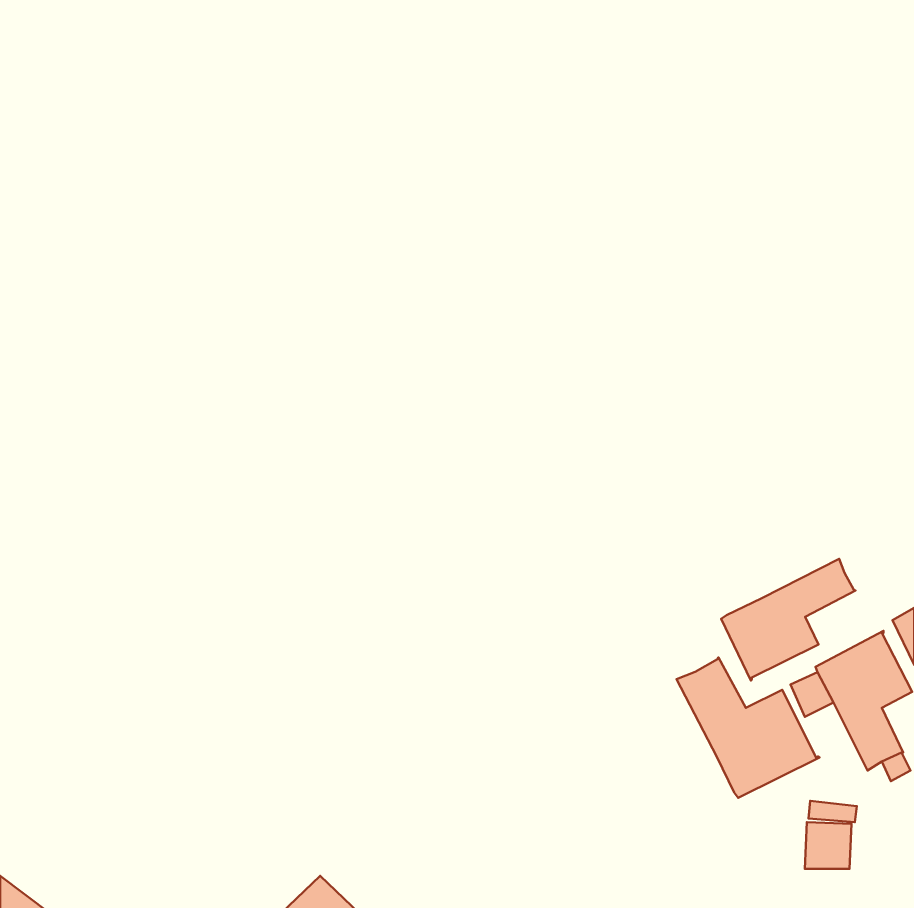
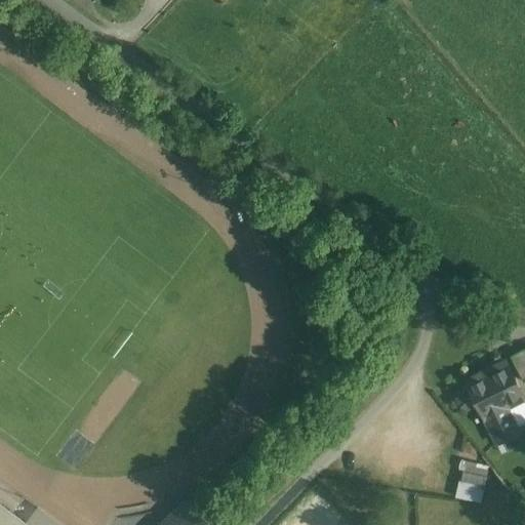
building: [721,559,855,680] -> none
building: [677,657,820,798] -> none

